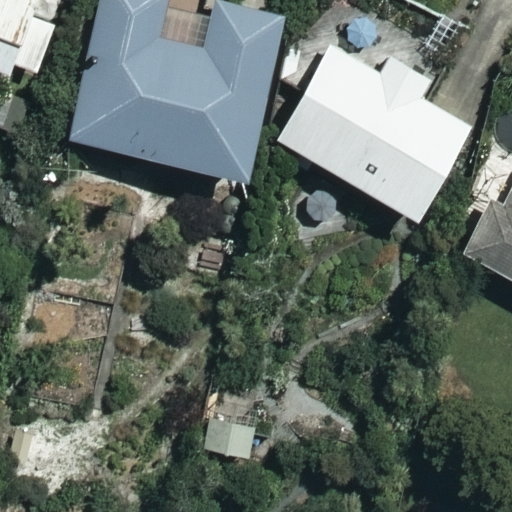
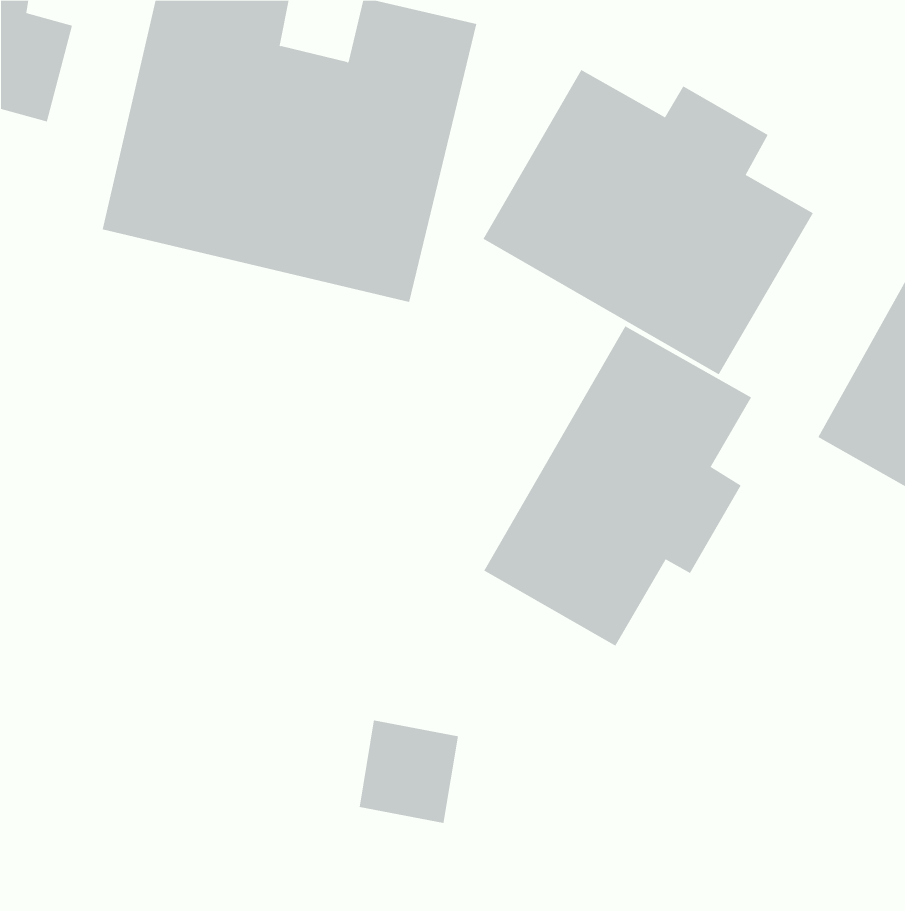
building: none -> [484,325,752,646]

